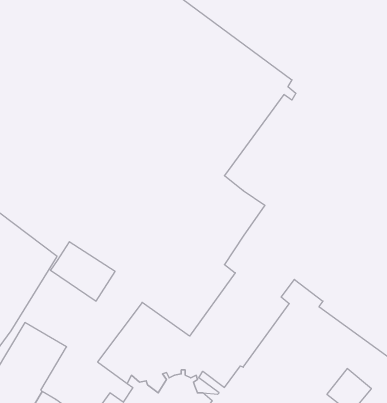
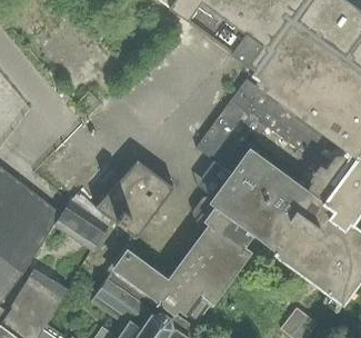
building: none -> [96,161,172,238]

